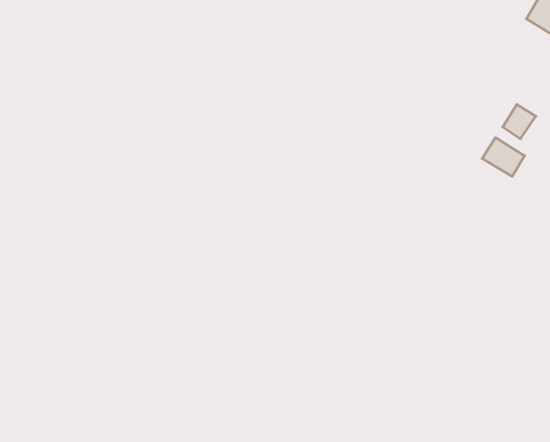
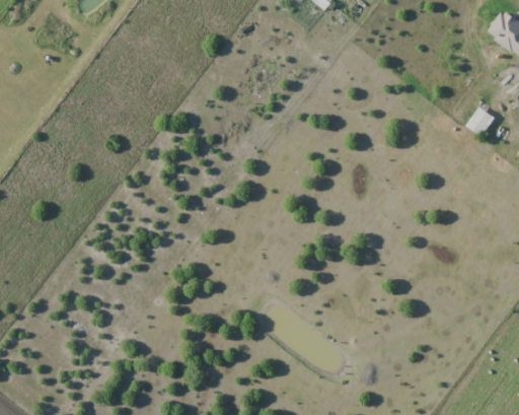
building: [482,138,525,176] -> none

